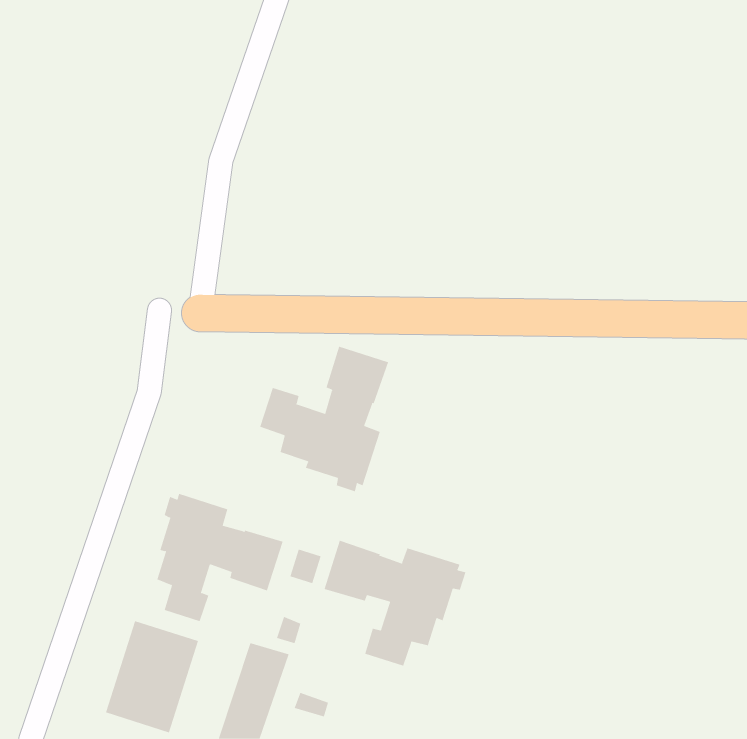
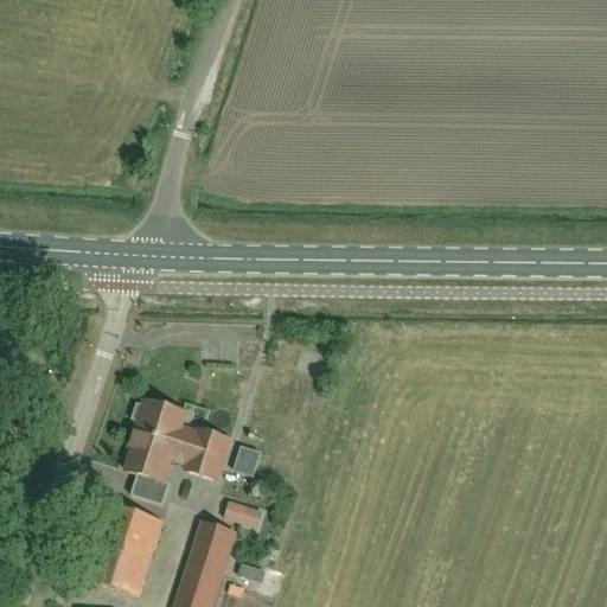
building: [259,346,389,492] -> none
building: [324,540,466,666] -> none

